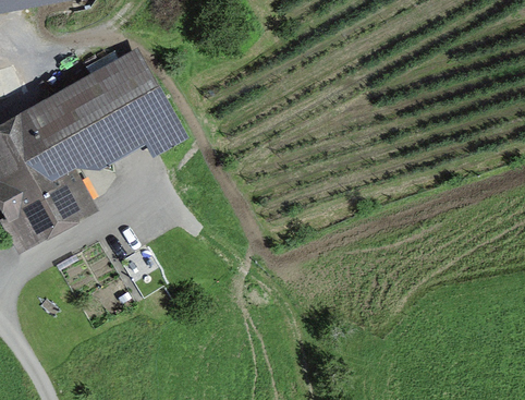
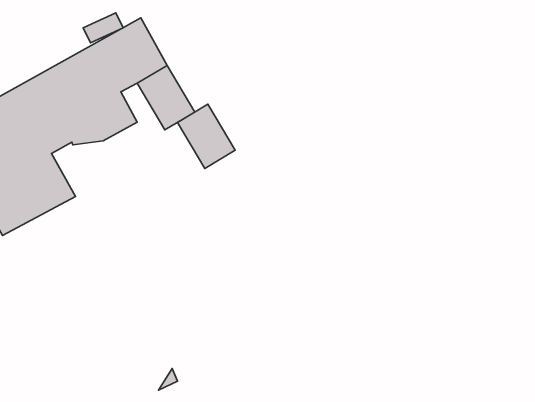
building: none -> [177,104,235,169]

